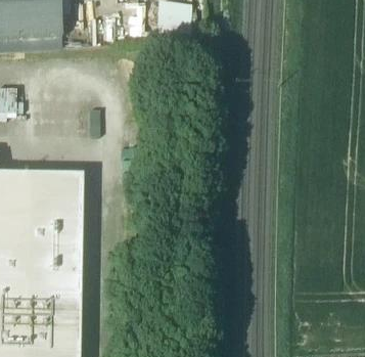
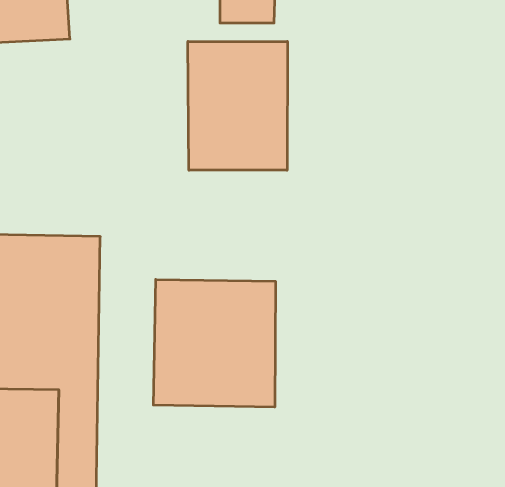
building: none -> [188,41,287,170]
building: none -> [153,279,275,407]

